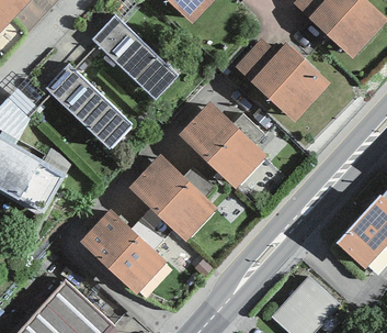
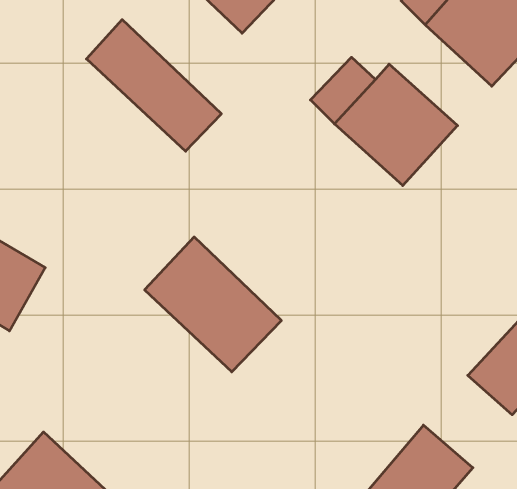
building: [45,64,132,148] -> none
building: [178,101,266,189] -> none
building: [78,208,166,293] -> none

